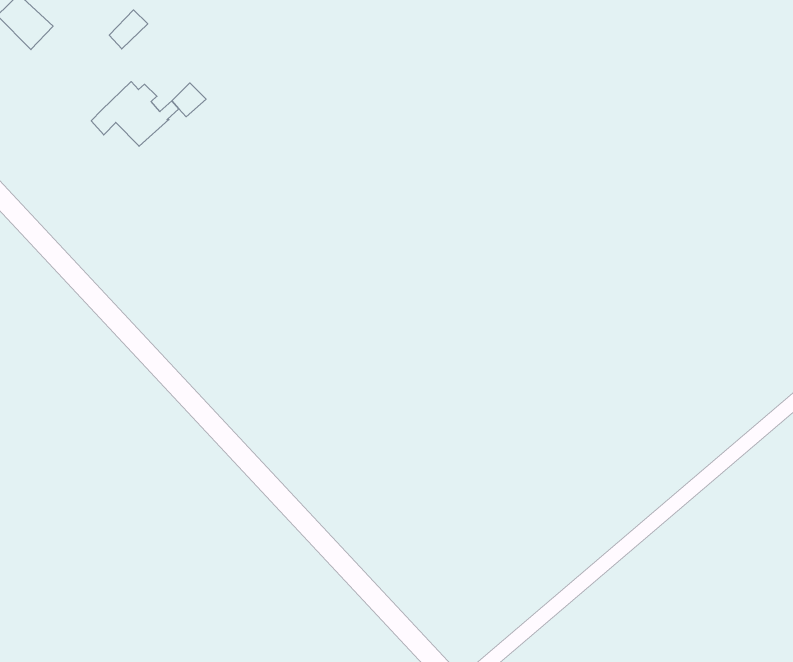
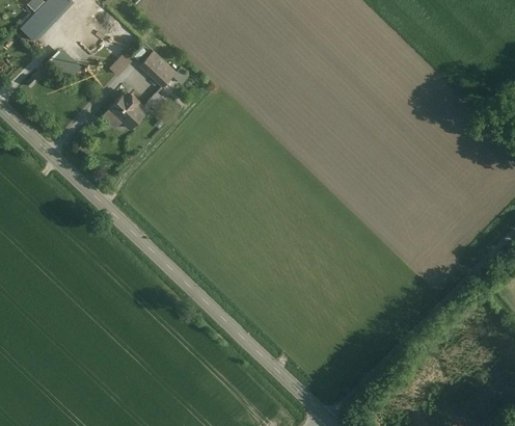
building: none -> [141,52,177,87]

